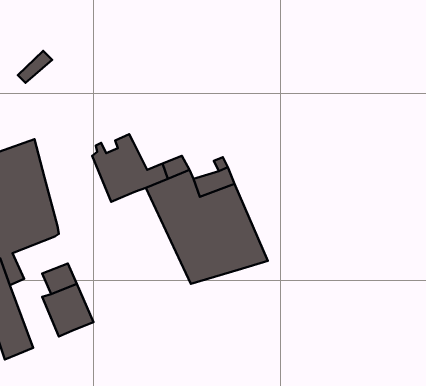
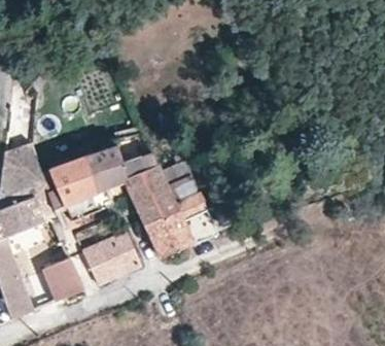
building: none -> [42,155,112,212]
building: none -> [81,234,140,282]

